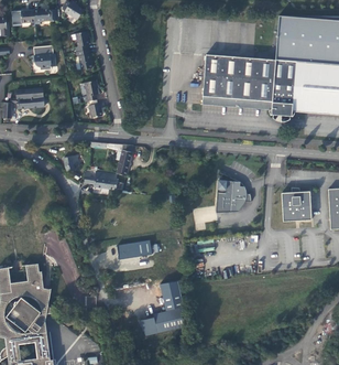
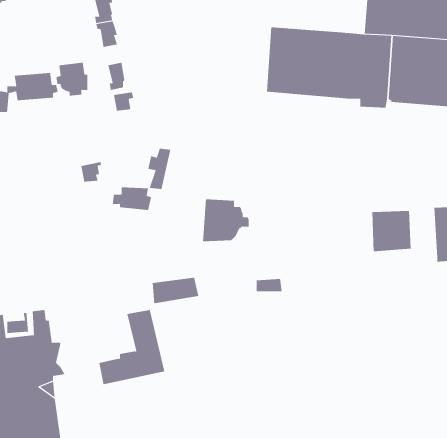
building: [31,45,55,71] -> [55,62,88,96]
building: [215,181,250,213] -> [202,199,250,242]
building: [138,281,187,337] -> [98,309,165,385]

